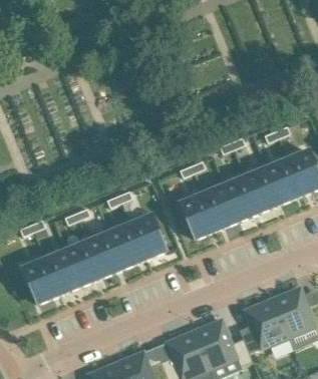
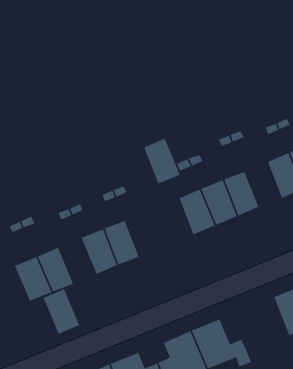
building: [246,167,281,212] -> none
building: [130,215,167,260] -> [143,138,181,185]
building: [66,241,102,286] -> [43,288,80,335]
building: [239,298,288,352] -> none

